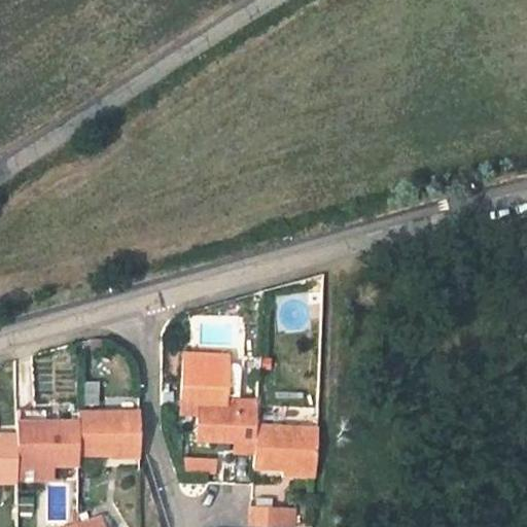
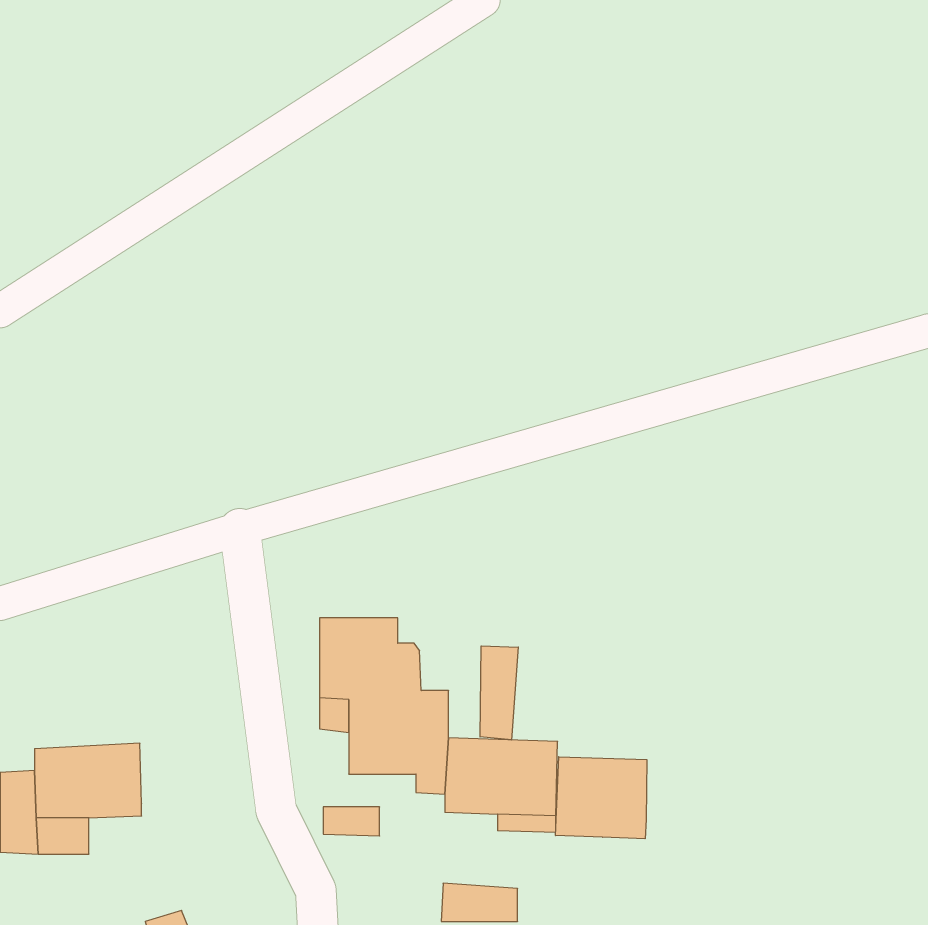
building: none -> [480,646,518,740]
building: [78,413,140,464] -> none
building: none -> [556,757,647,839]

